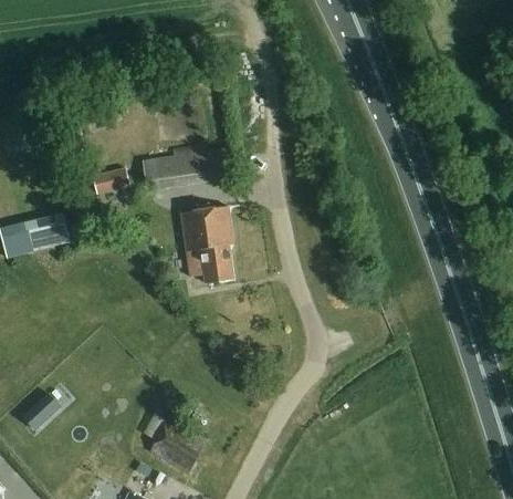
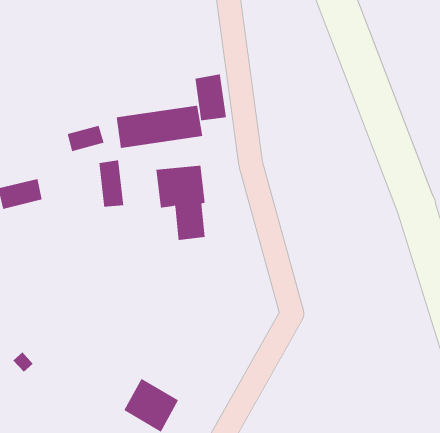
building: none -> [195,74,226,121]
building: none -> [99,160,124,208]

